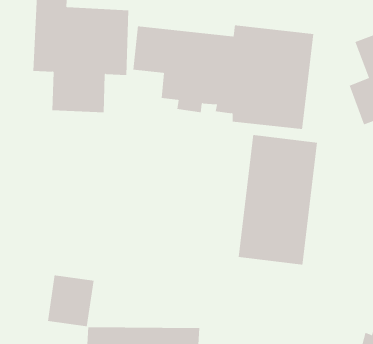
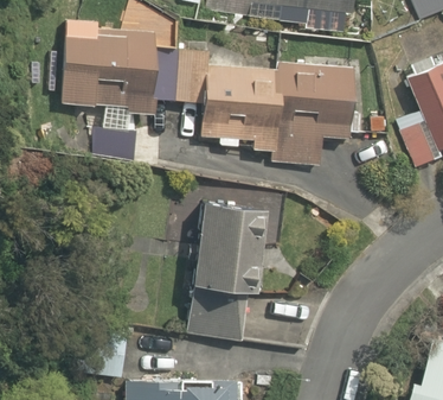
building: [238,134,318,265] -> [181,198,265,336]

